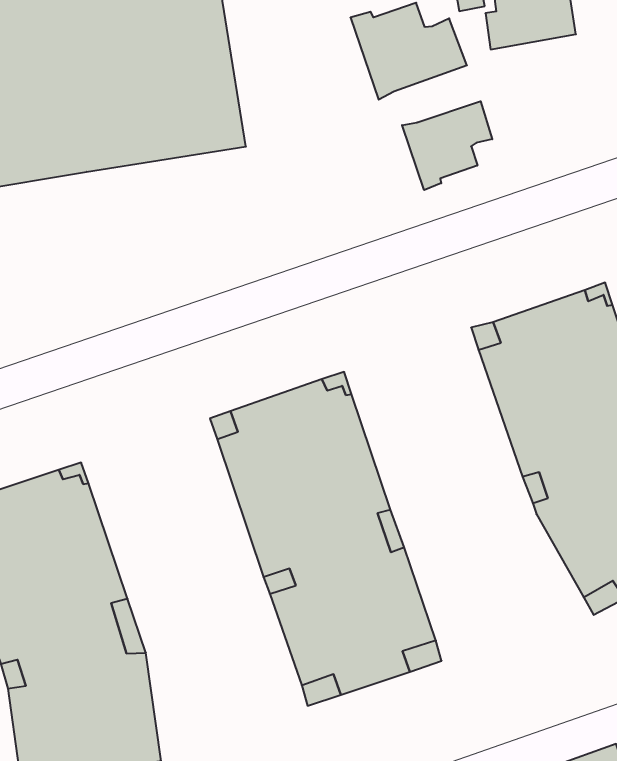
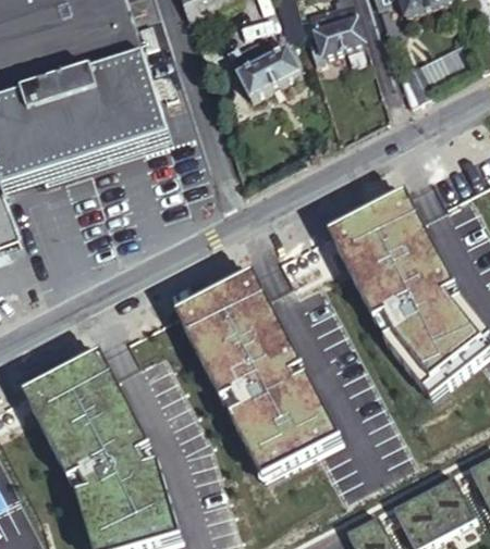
building: [402,101,492,190] -> none

